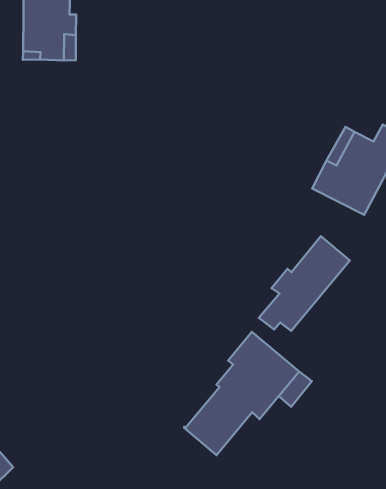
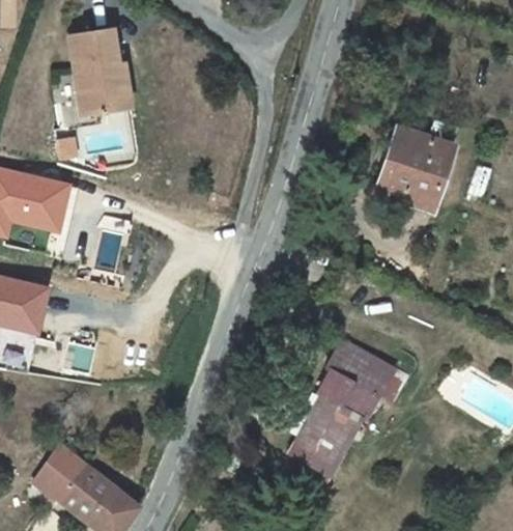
building: [259,236,350,331] -> none
building: none -> [287,415,362,476]

